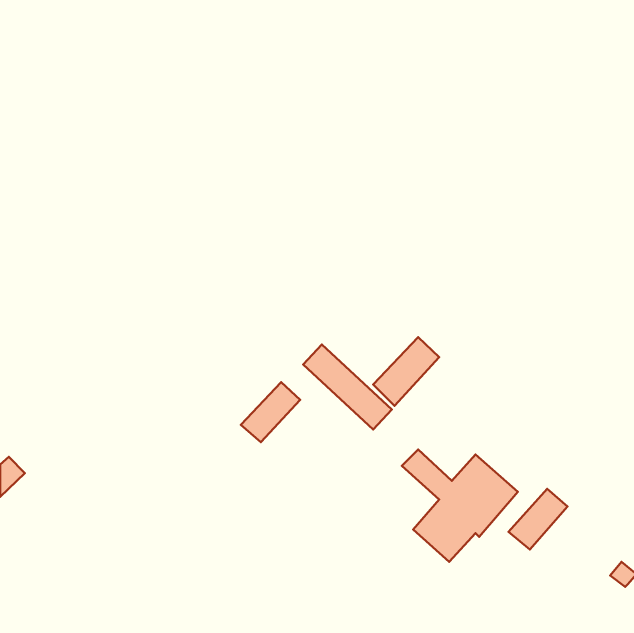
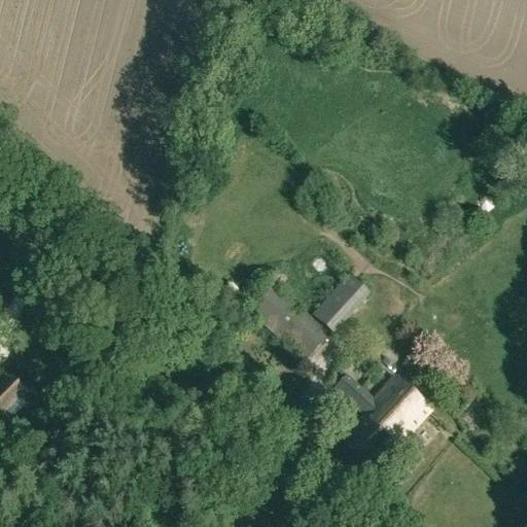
building: [241,382,300,442] -> none
building: [508,489,567,550] -> none

